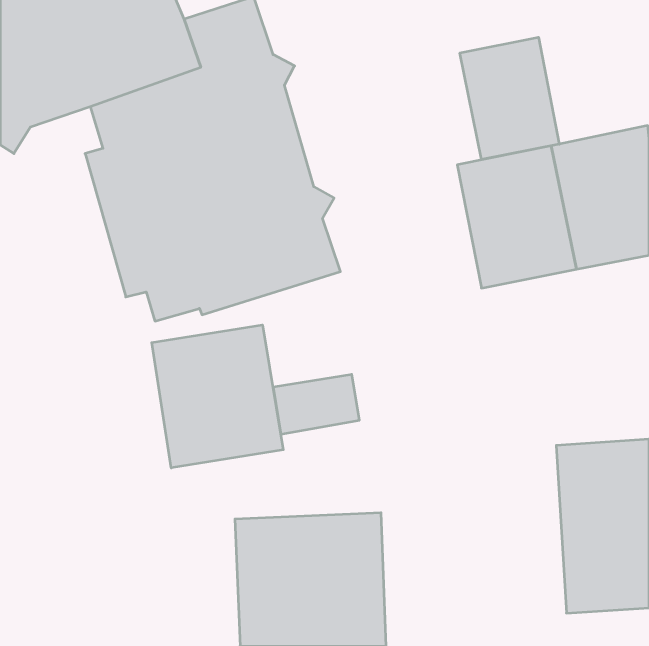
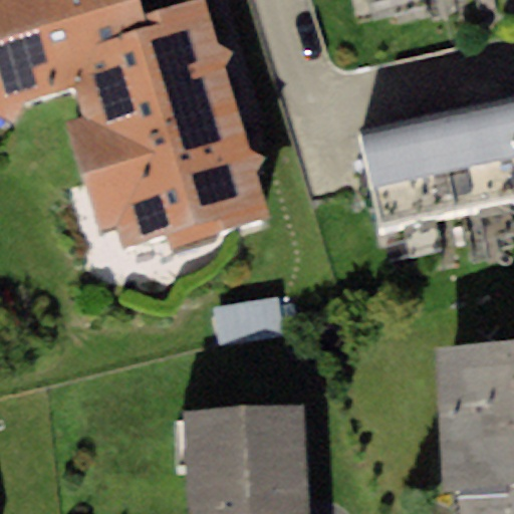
building: [460,37,559,160] -> none
building: [152,325,283,468] -> none

